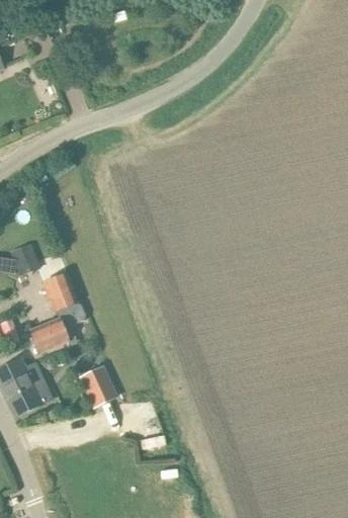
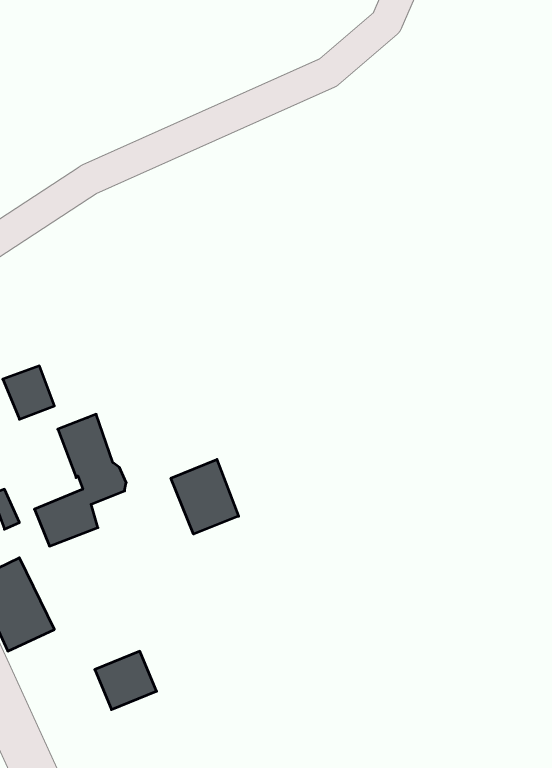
building: none -> [171,459,239,534]
building: [83,365,120,401] -> [95,651,157,710]

